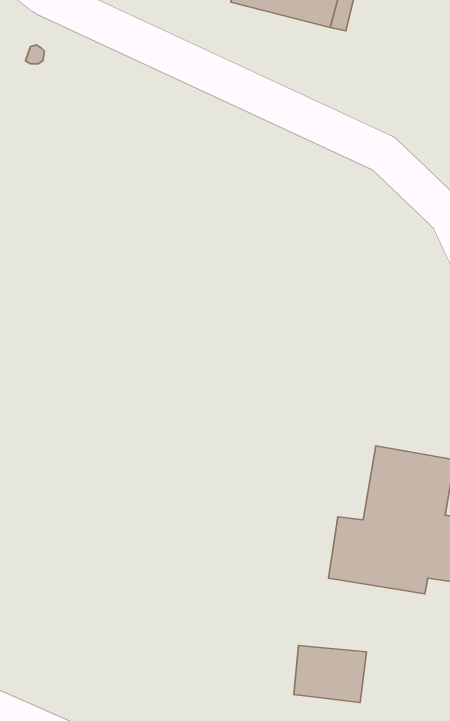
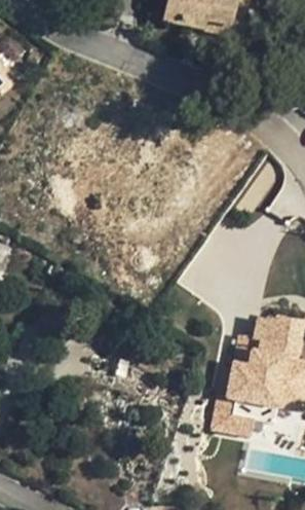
building: [294,646,366,702] -> [211,396,258,433]

